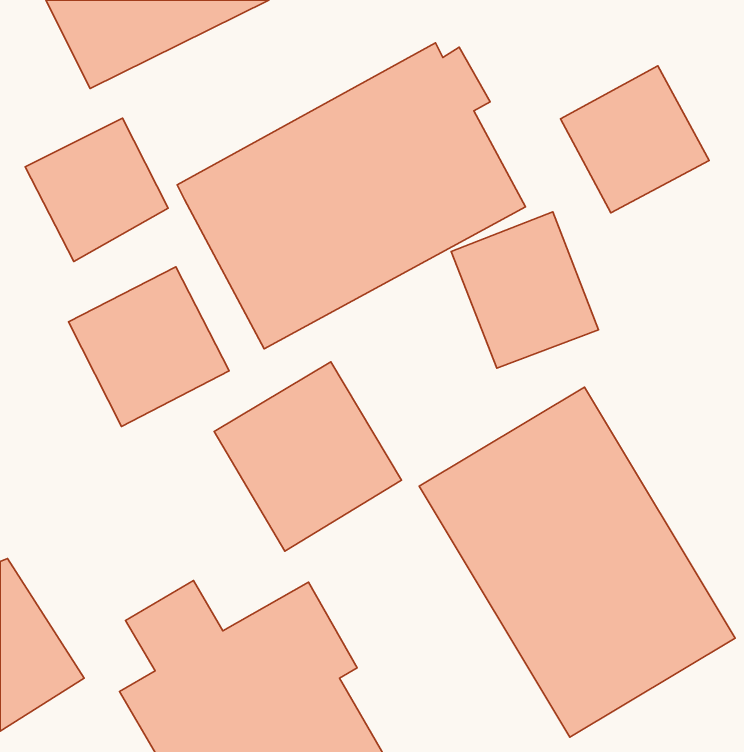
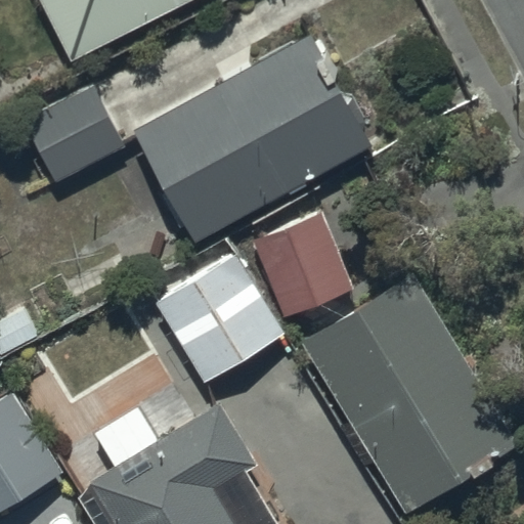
building: [560,66,709,213] -> none
building: [451,212,599,368] -> [254,209,356,317]
building: [69,267,229,427] -> none

